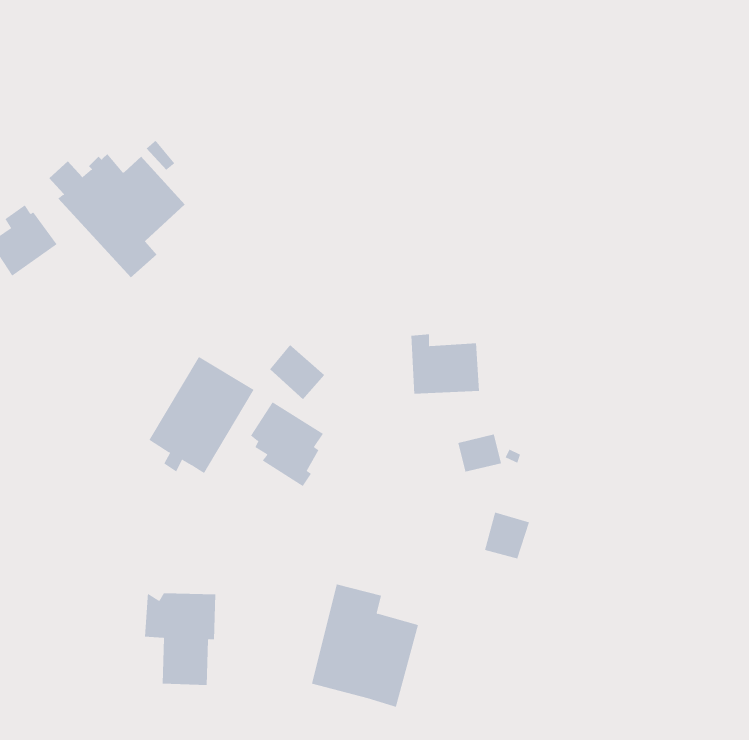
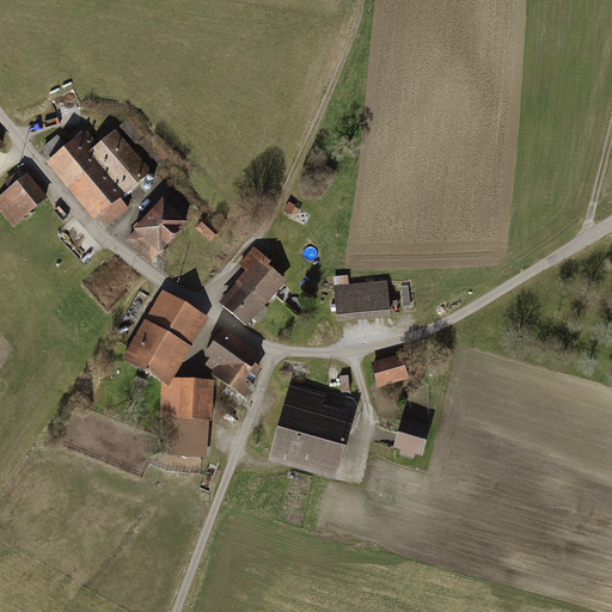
building: none -> [133,198,189,256]
building: none -> [235,245,286,305]
building: [311,584,419,707] -> [268,381,355,482]
building: [144,593,216,685] -> [154,379,213,454]

